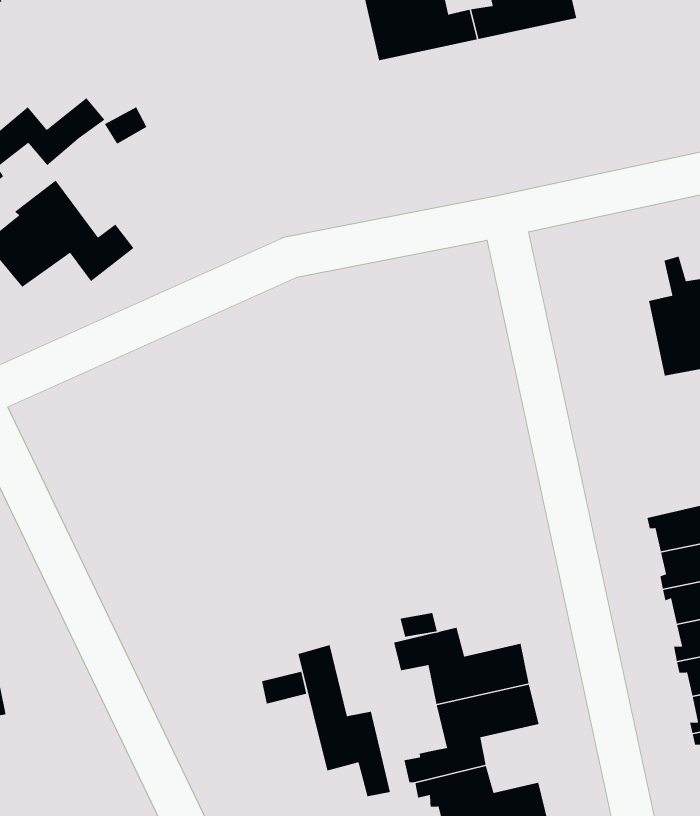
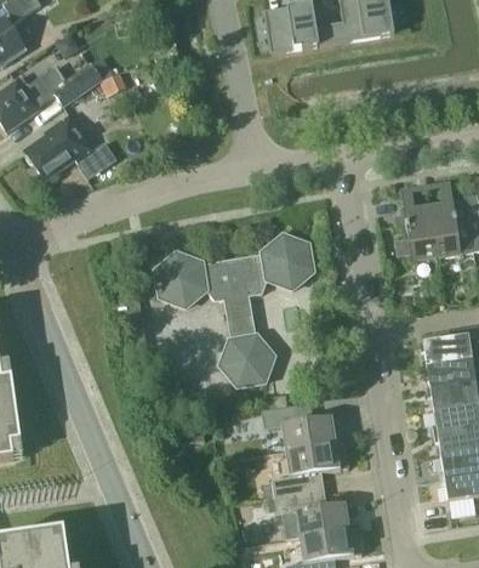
building: none -> [400,189,435,260]
building: none -> [155,233,313,385]
building: [298,644,391,797] -> none

